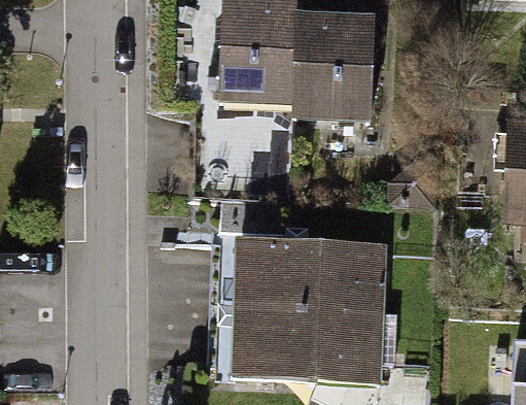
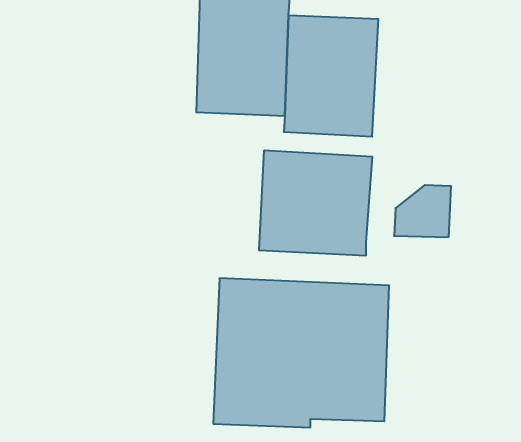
building: none -> [259,150,372,256]

